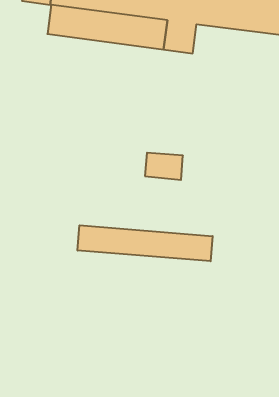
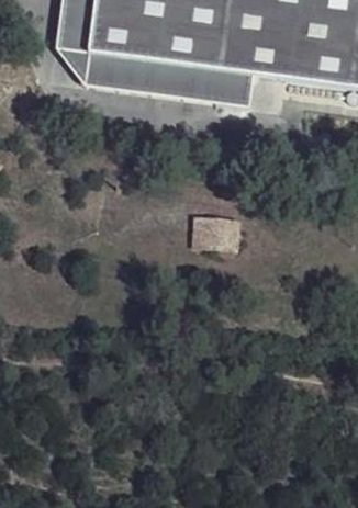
building: [78,225,213,261] -> none

